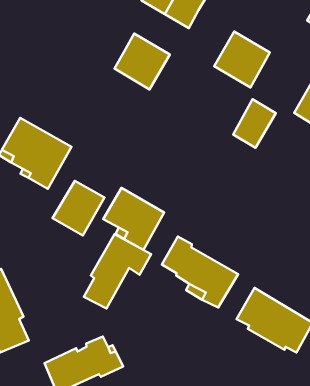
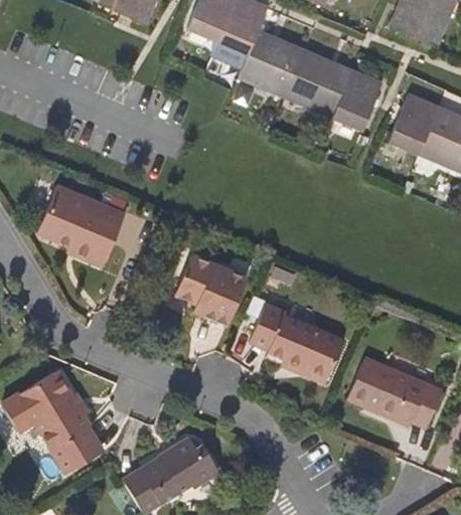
building: [115,33,170,90] -> [239,29,303,95]
building: [233,99,276,148] -> [331,69,379,128]
building: [53,181,105,235] -> none
building: [84,234,151,309] -> none

